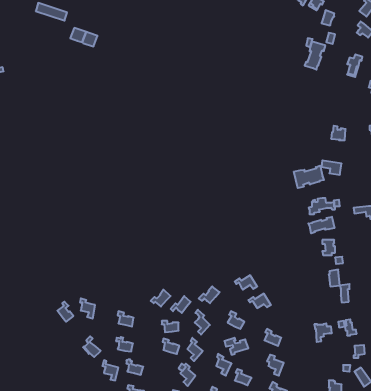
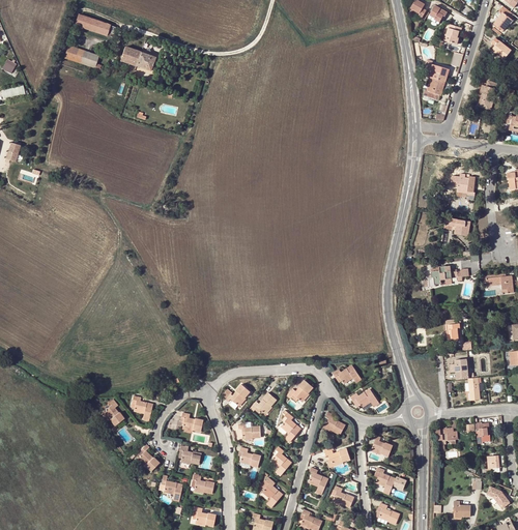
building: none -> [64,46,102,71]
building: [294,166,324,188] -> none
building: [308,217,334,233] -> none

